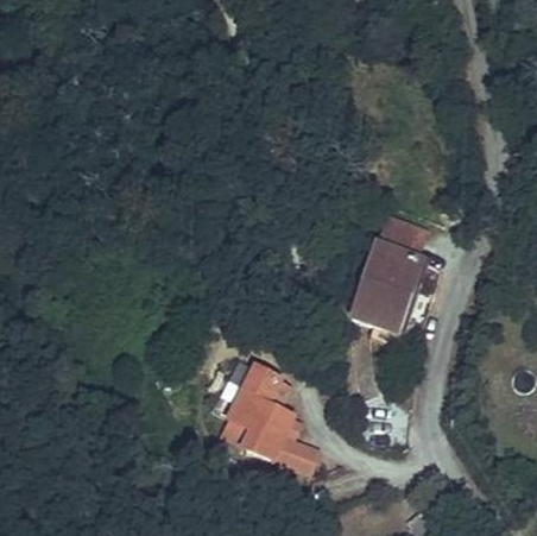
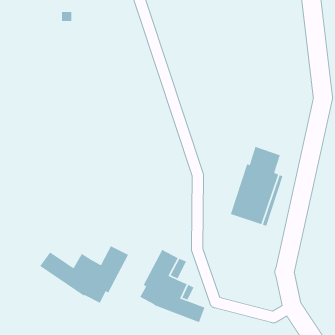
building: none -> [39,245,129,304]

